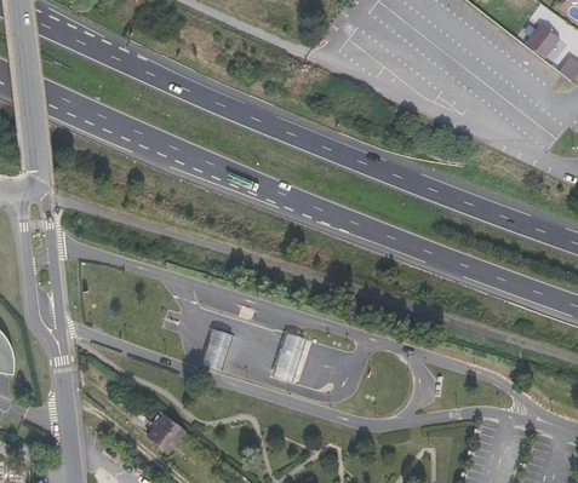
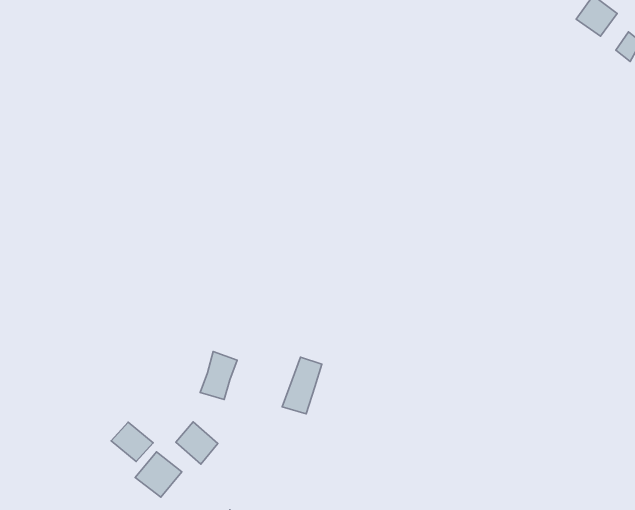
building: none -> [176,422,218,464]
building: none -> [111,422,153,462]

